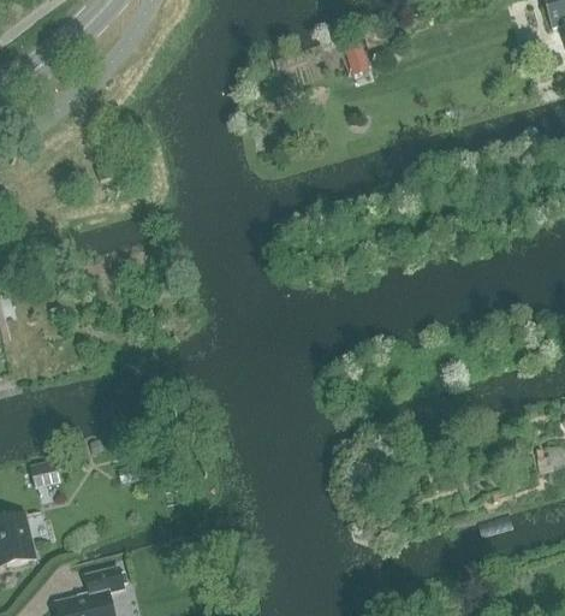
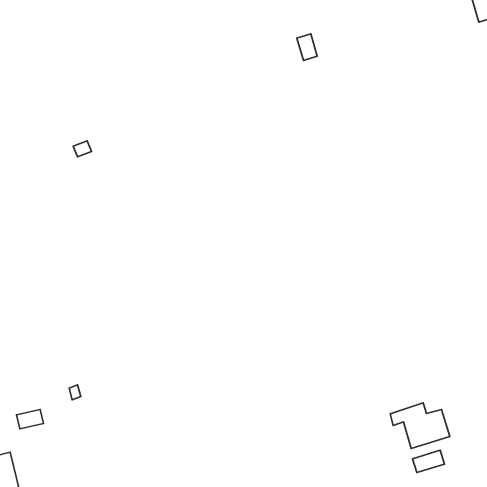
building: none -> [390,403,450,448]

